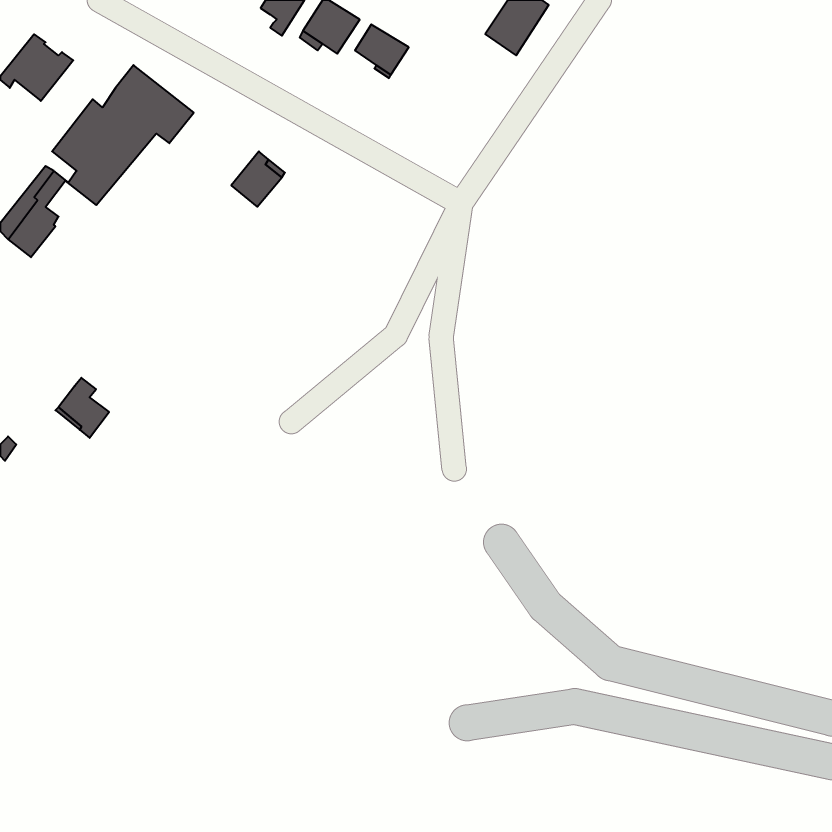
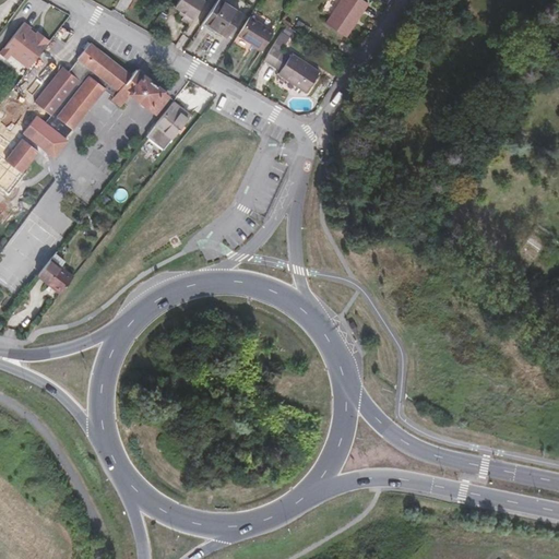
building: none -> [263,45,319,92]
building: none -> [111,70,168,112]
building: none -> [31,121,68,157]

